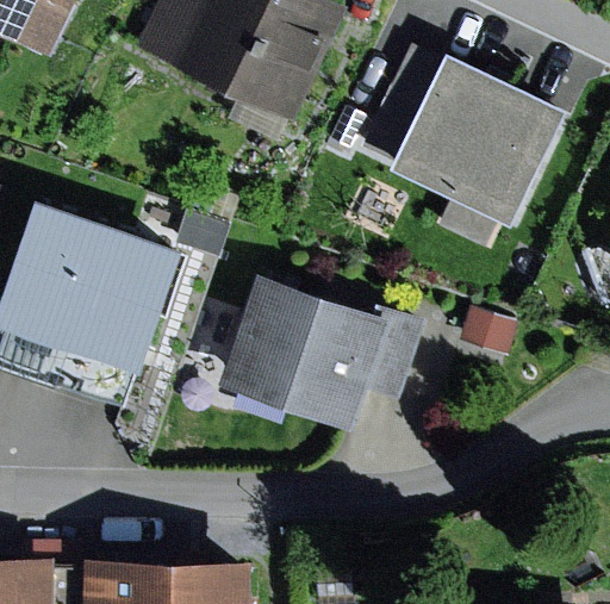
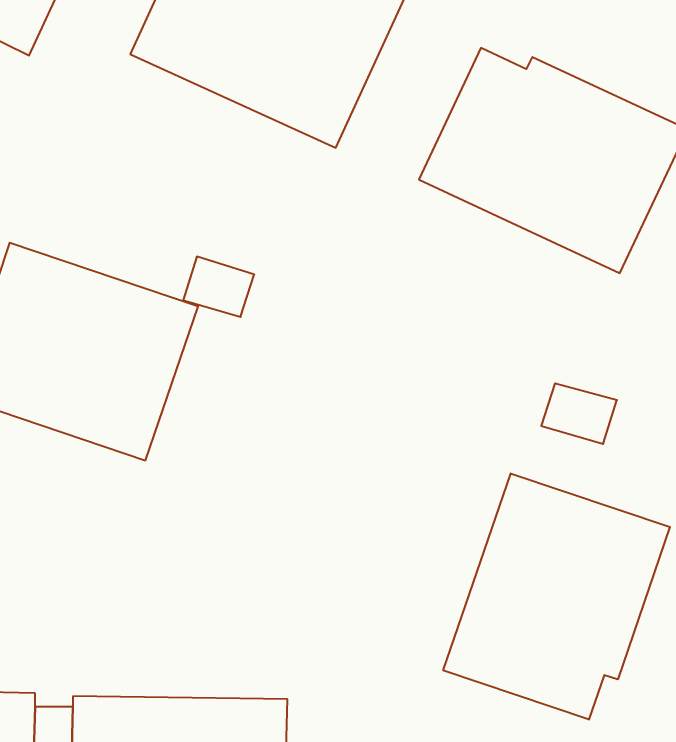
building: [216,275,424,436] -> none
building: none -> [443,473,670,720]

